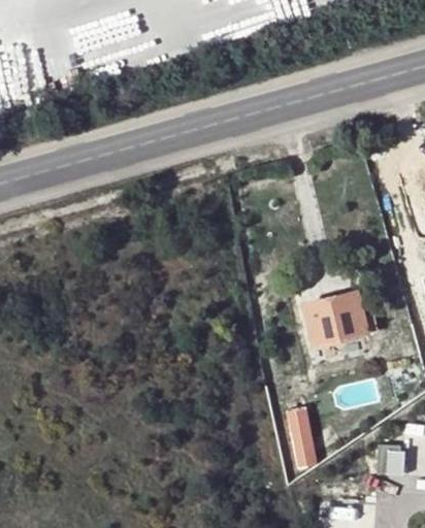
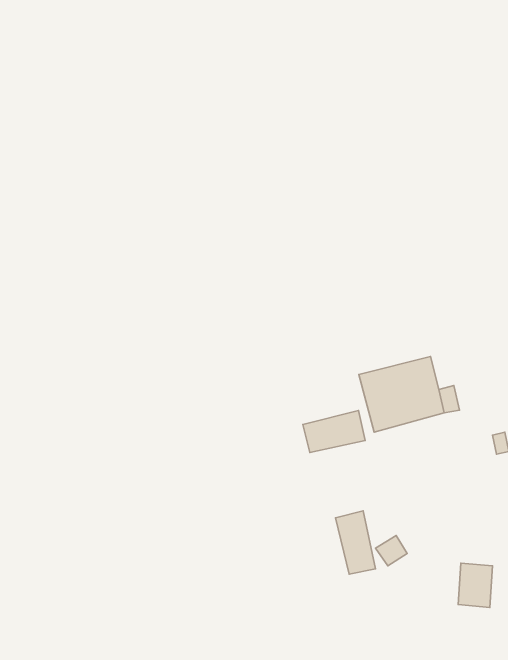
building: none -> [303,411,365,453]

